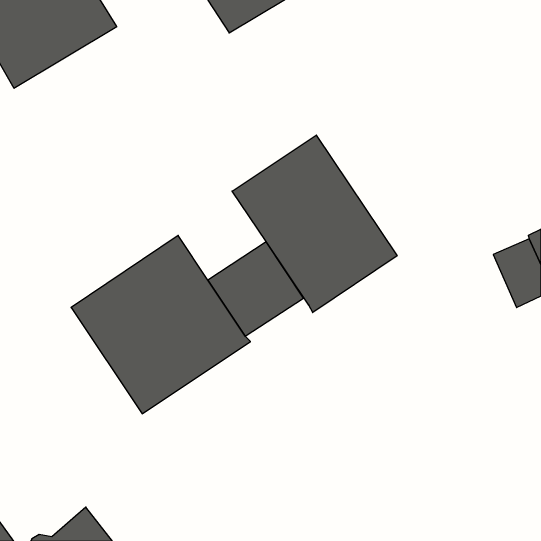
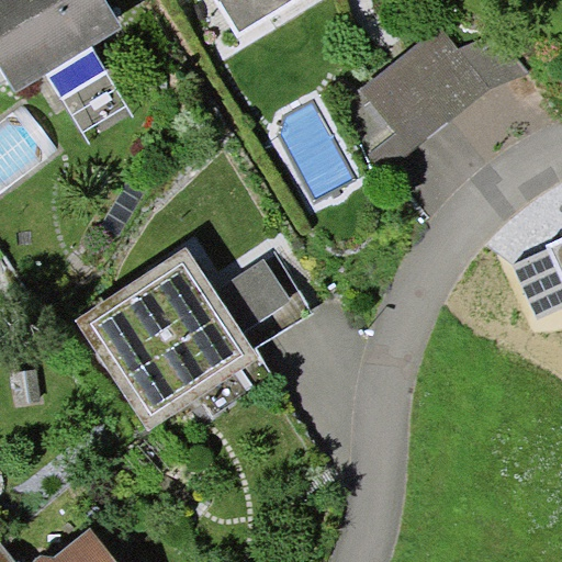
building: none -> [337,29,529,167]
building: [232,135,397,313] -> none

